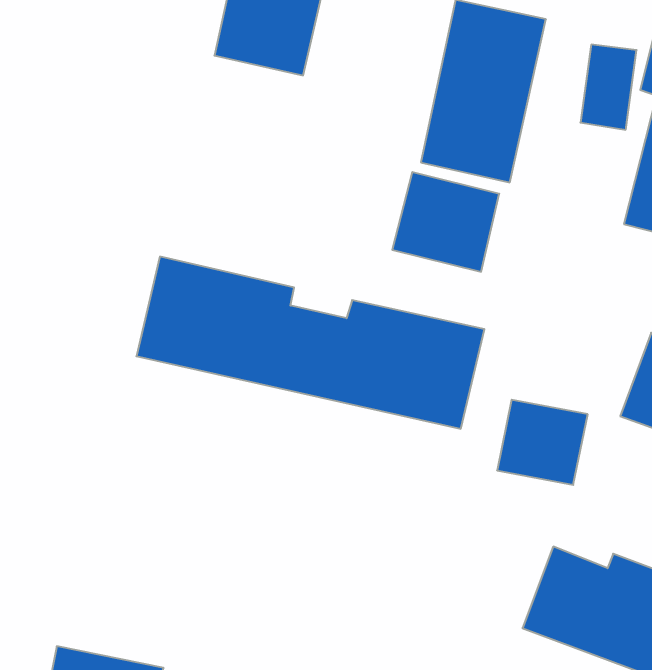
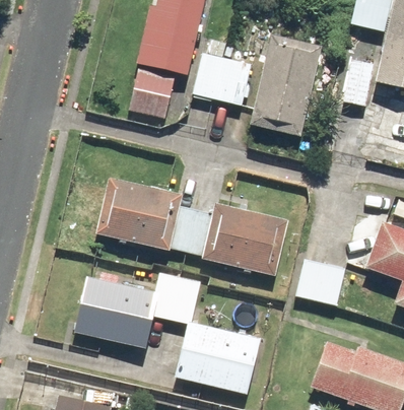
building: none -> [129,70,175,120]
building: [392,172,499,272] -> [191,52,251,108]
building: none -> [73,272,262,394]

